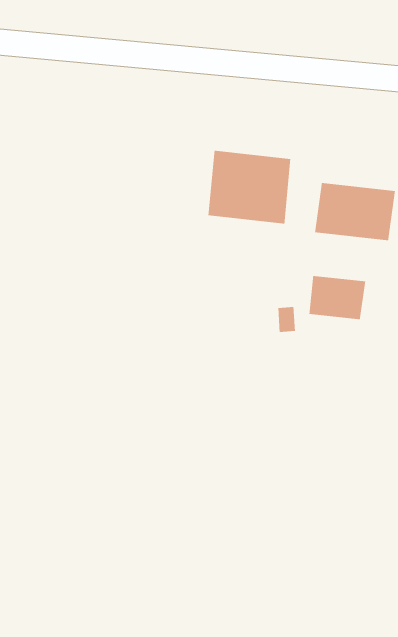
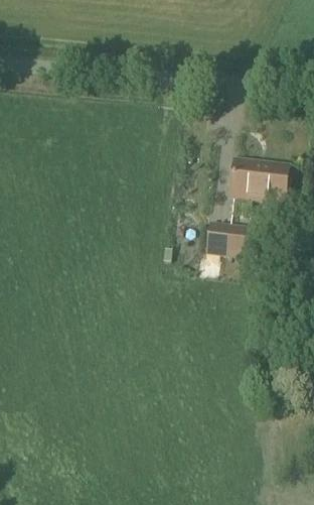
building: [208,150,291,225] -> none

